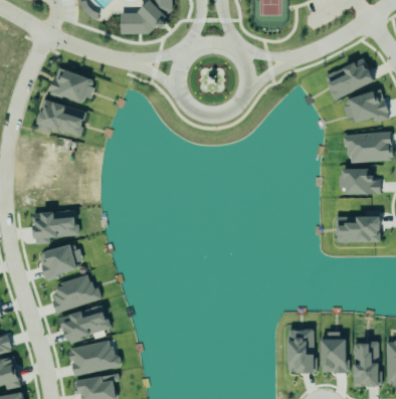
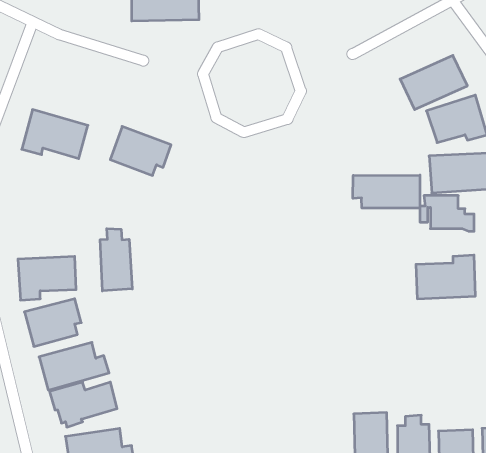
building: [49,67,95,105] -> [110,126,171,175]
building: none -> [353,175,420,208]
building: none -> [100,229,132,291]

